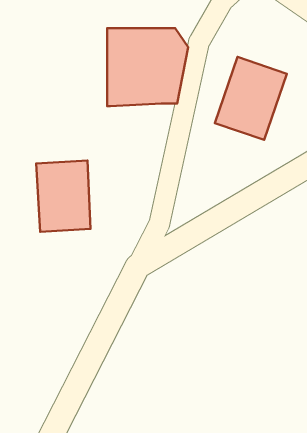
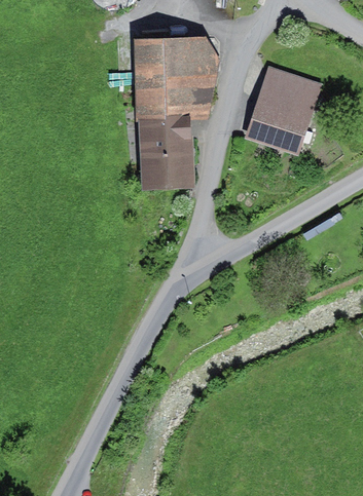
building: [36,161,90,232] -> [138,115,194,189]

